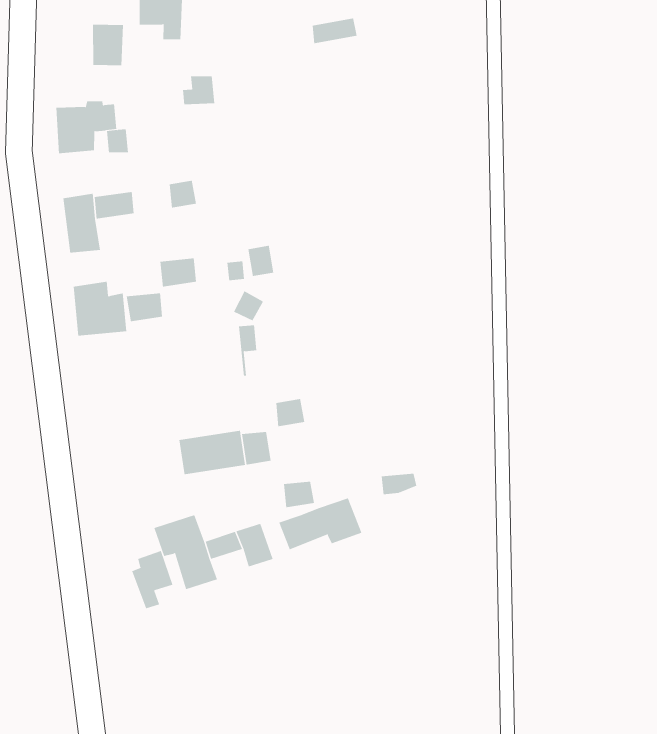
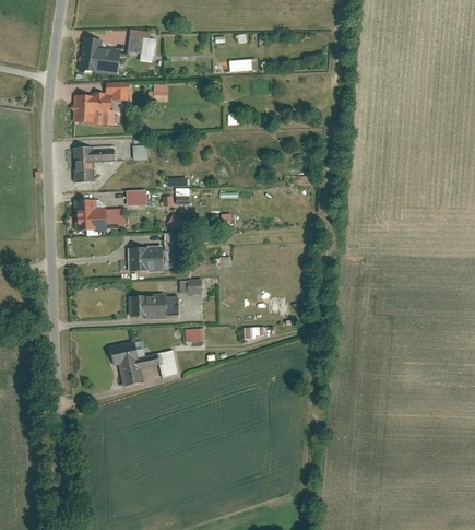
building: none -> [80,37,102,73]
building: none -> [103,81,129,99]
building: none -> [128,244,163,271]
building: [279,497,362,550] -> none
building: [132,550,173,609] -> none

